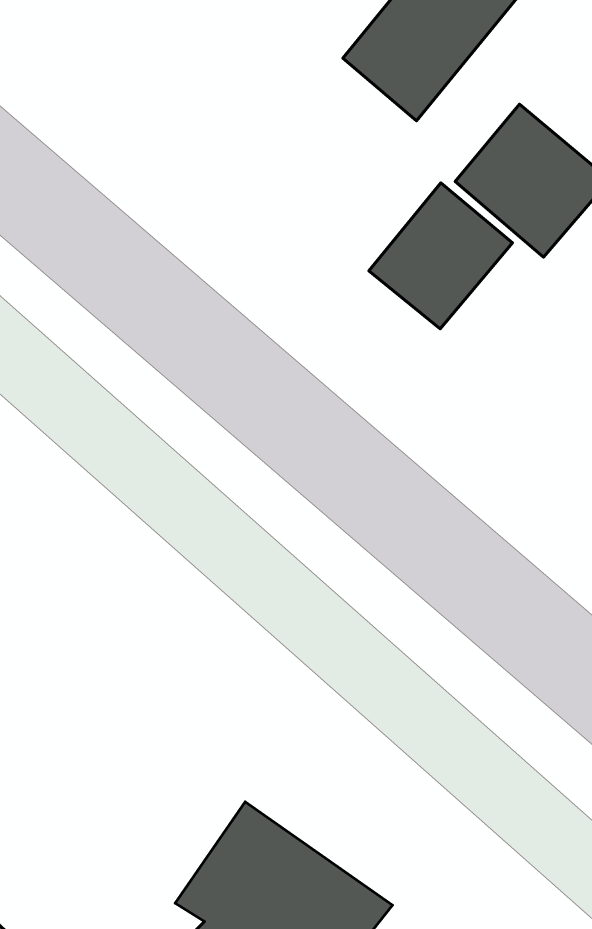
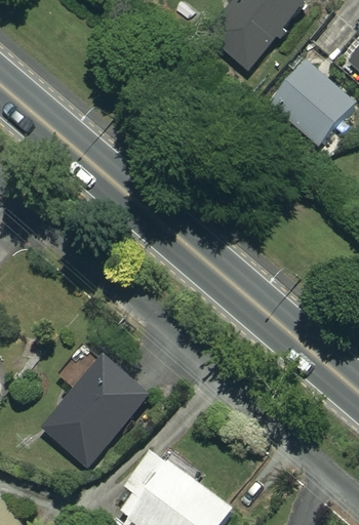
building: [369,183,512,329] -> none
building: none -> [42,353,152,468]

